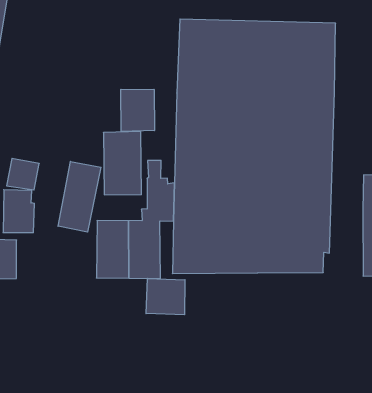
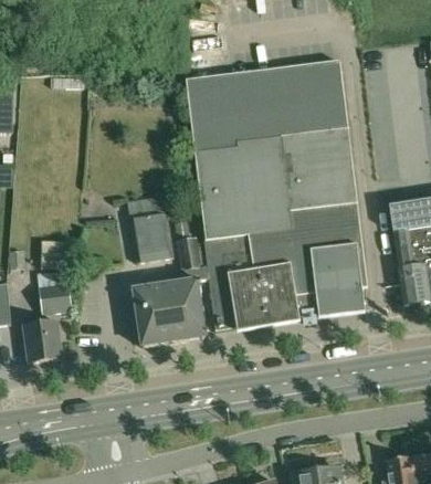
building: [121,89,154,132] -> none
building: [58,161,101,232] -> none
building: [146,278,185,315] -> none

